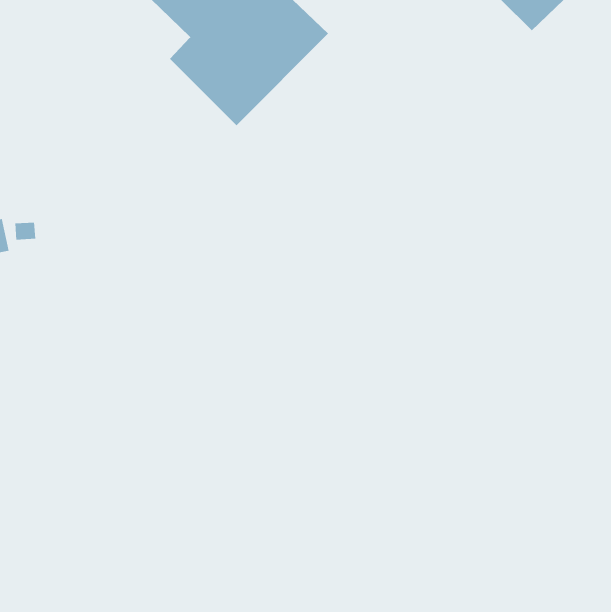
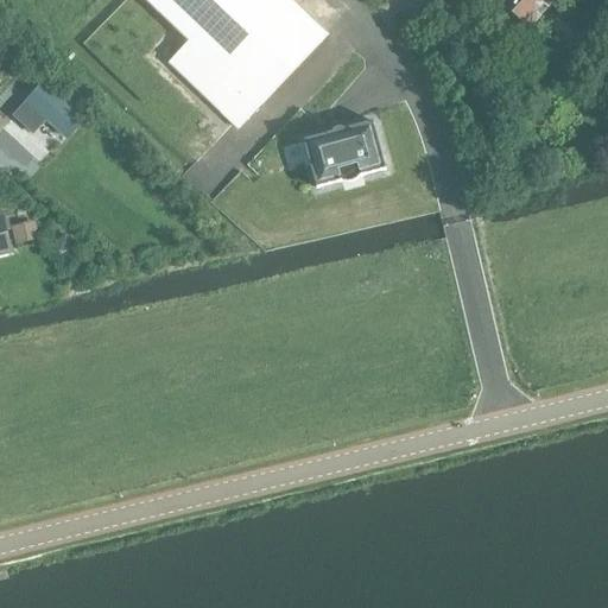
building: none -> [13,77,86,137]
building: none -> [302,120,385,188]

